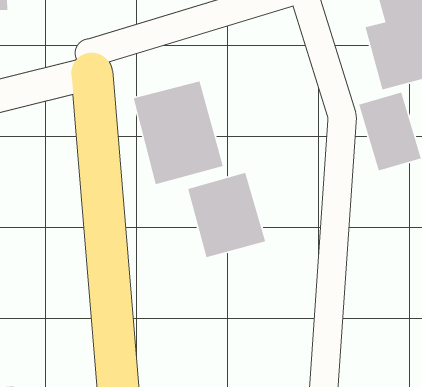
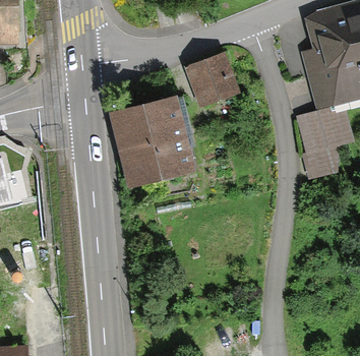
building: none -> [188,54,234,104]
building: [187,172,266,258] -> none

